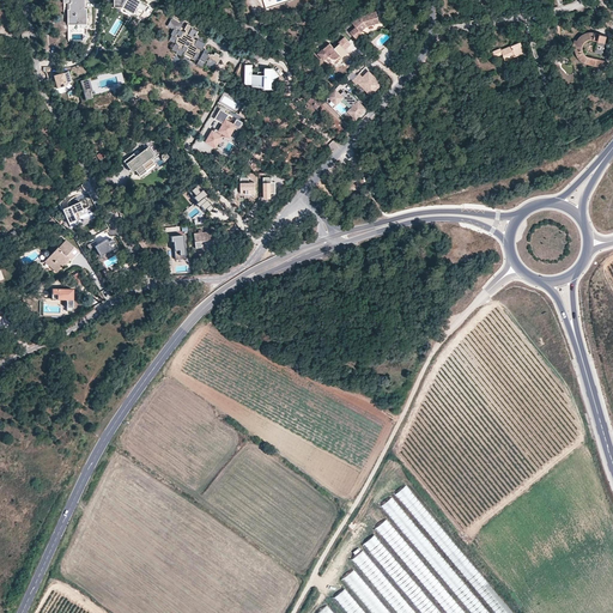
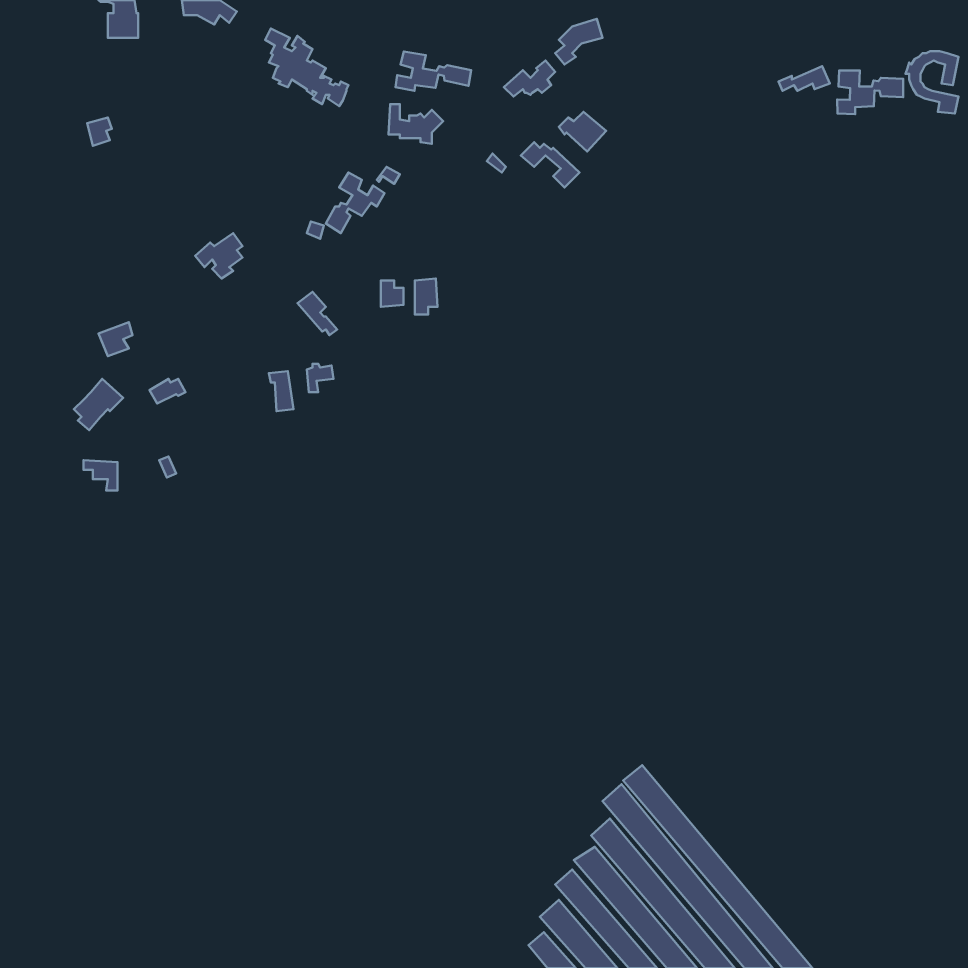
building: none -> [396,51,471,91]
building: none -> [837,71,903,114]

